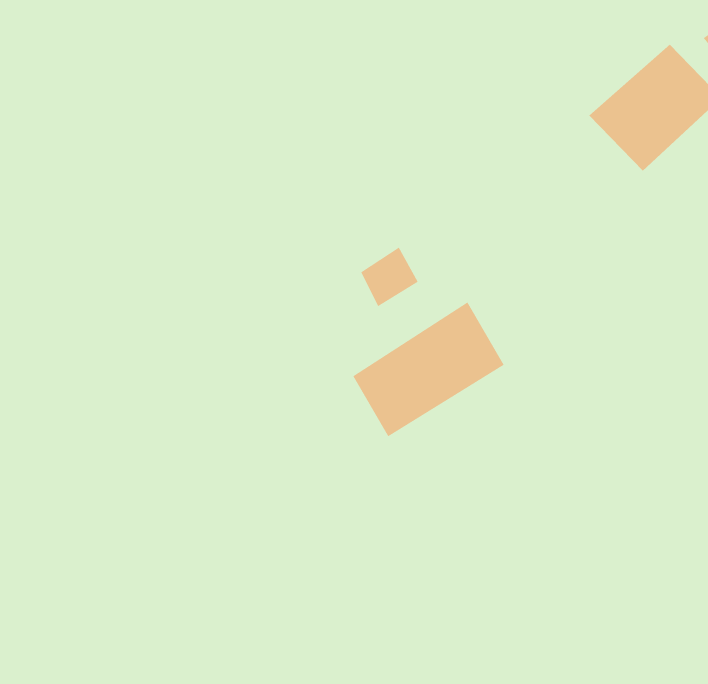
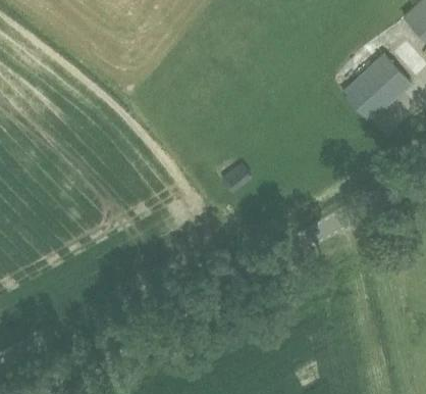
building: [352,302,504,437] -> none

